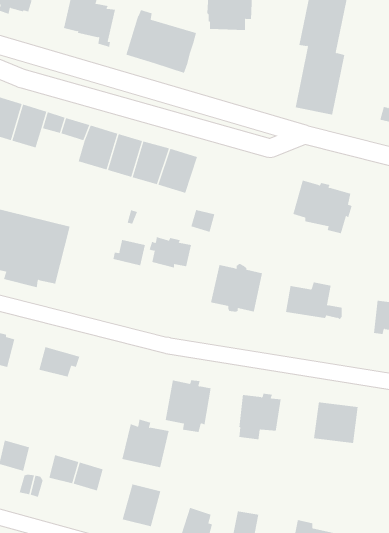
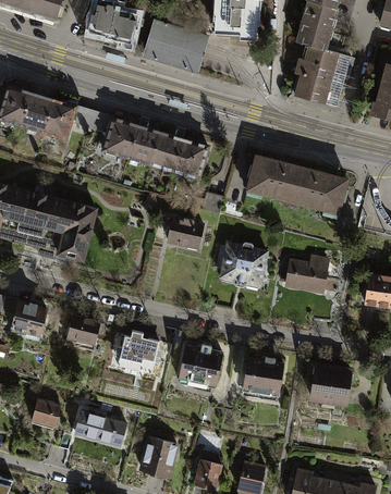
building: none -> [246,156,302,198]
building: [113,239,145,266] -> none
building: [122,419,169,468] -> [118,330,160,373]

